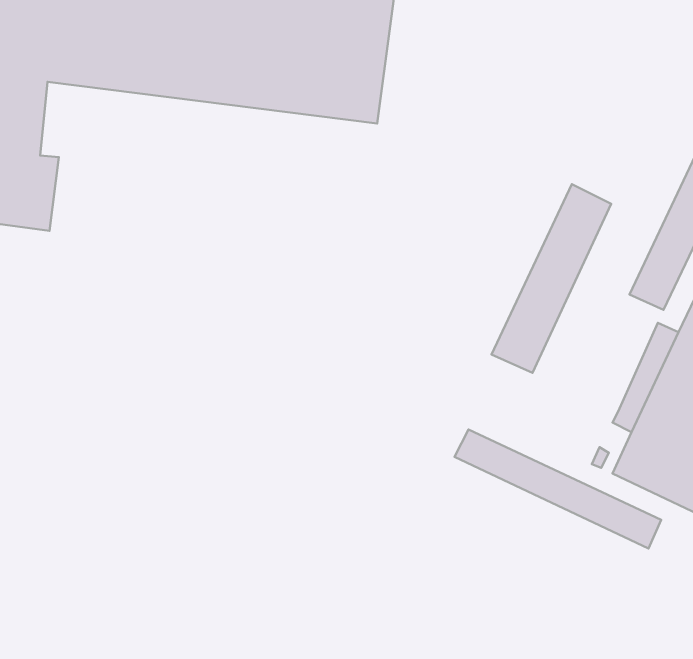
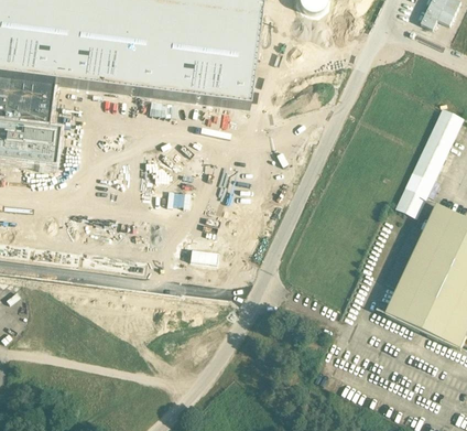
building: [491,184,611,373] -> none
building: [454,430,661,548] -> none

